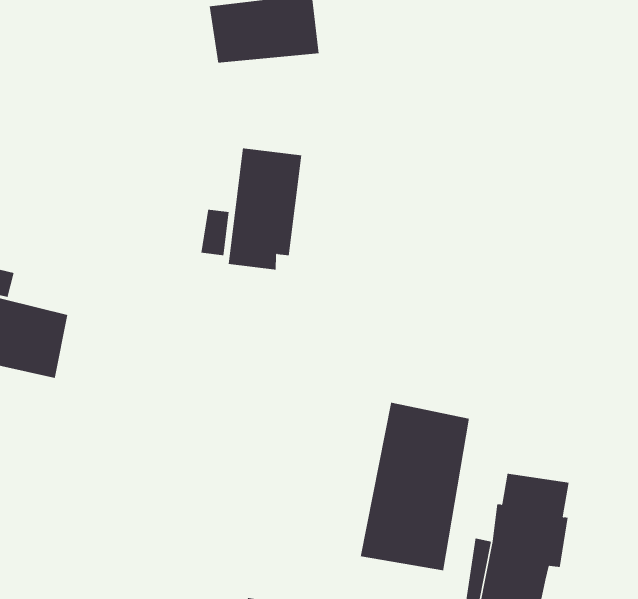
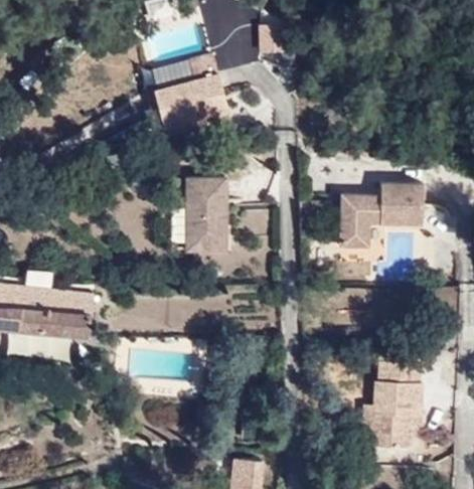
building: none -> [341,182,423,248]
building: [360,402,469,571] -> none

